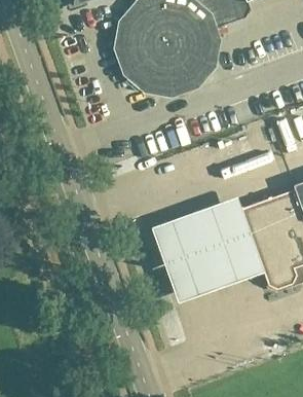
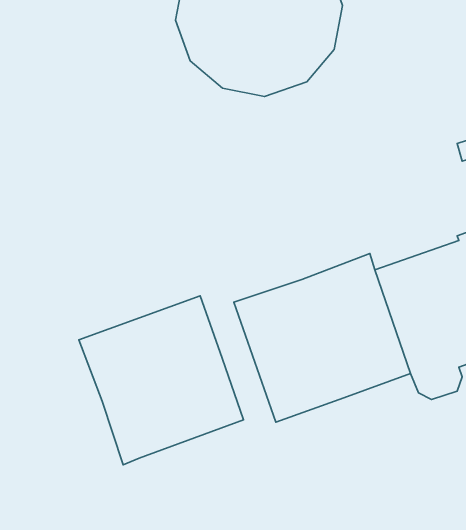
building: none -> [79,296,244,465]

